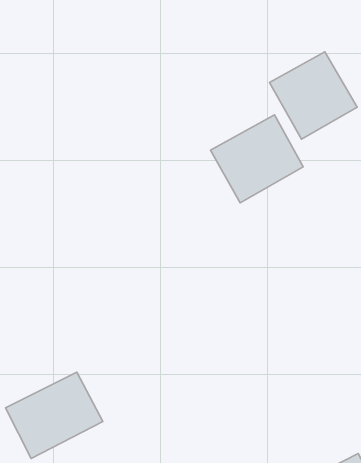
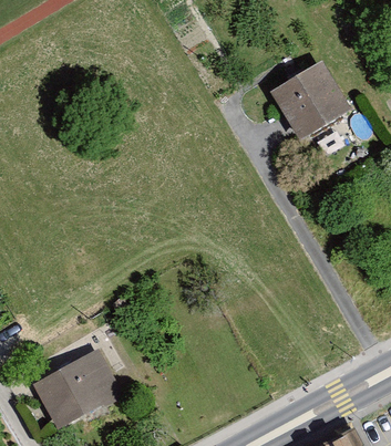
building: [211,115,303,203] -> none

